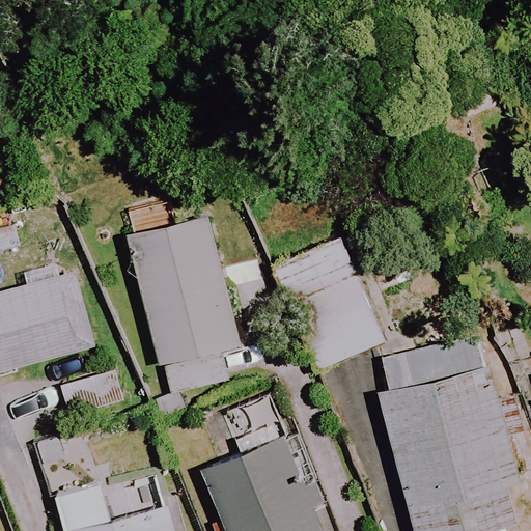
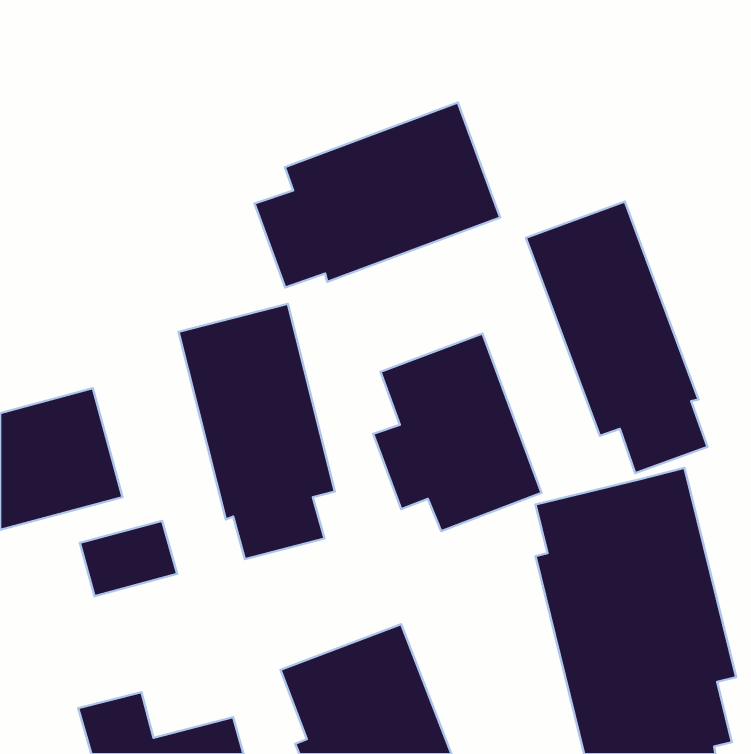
building: none -> [254,103,500,287]
building: none -> [526,201,707,473]

